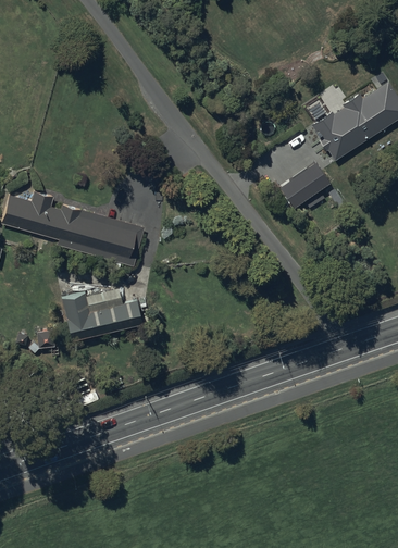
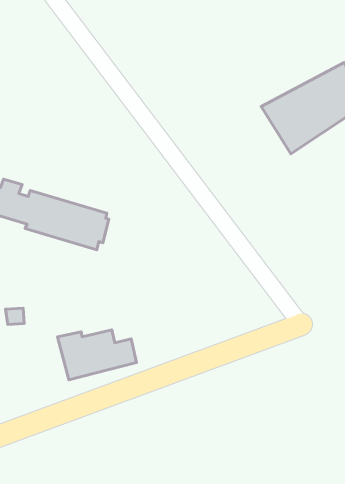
building: [276,162,329,210] -> none
building: [60,288,144,341] -> [58,330,136,380]

